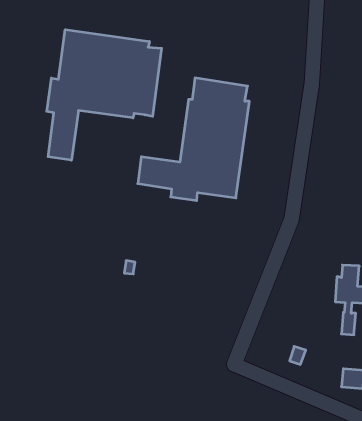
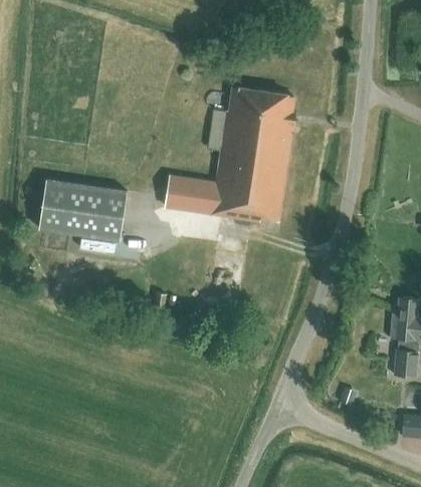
building: [47,30,162,160] -> none
building: none -> [39,179,128,240]

